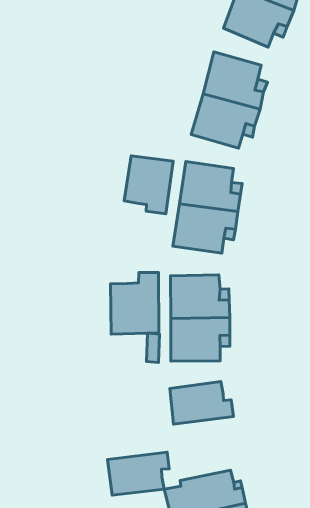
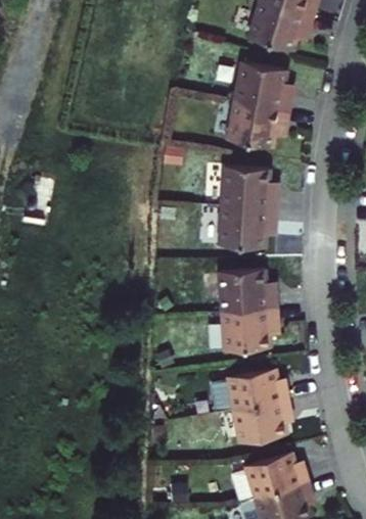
building: [124,156,173,214] -> none
building: [110,272,159,334] -> none
building: [107,452,169,495] -> [231,398,289,442]

